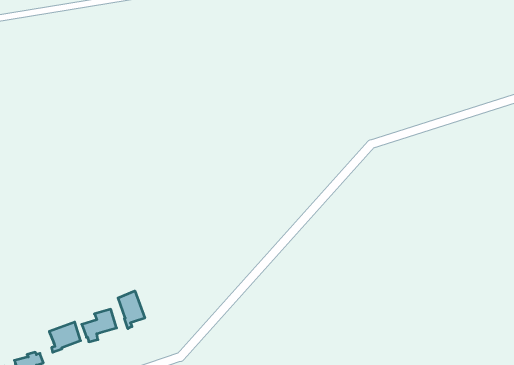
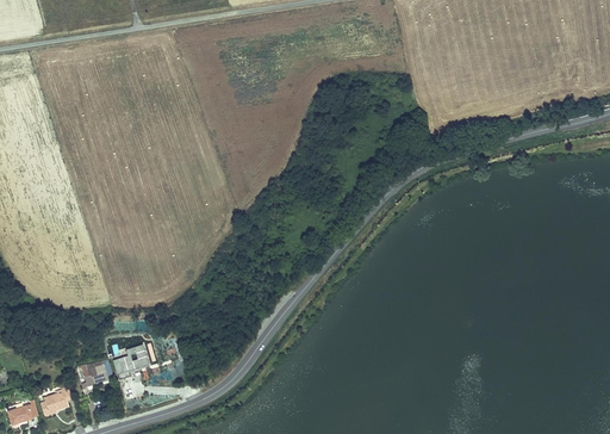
building: [118,291,145,329] -> none

